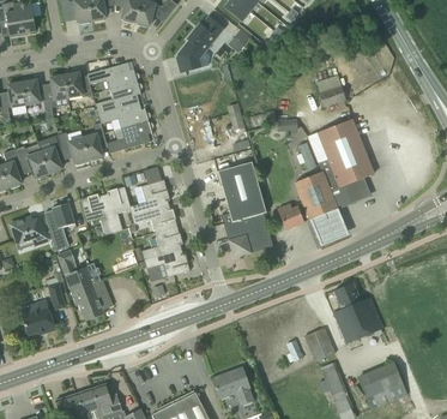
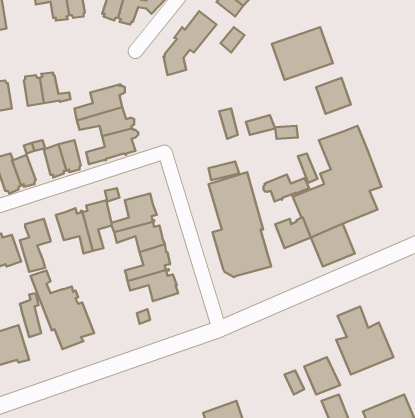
building: none -> [272,27,333,80]
building: [86,62,139,89] -> none
building: none -> [263,175,309,202]

